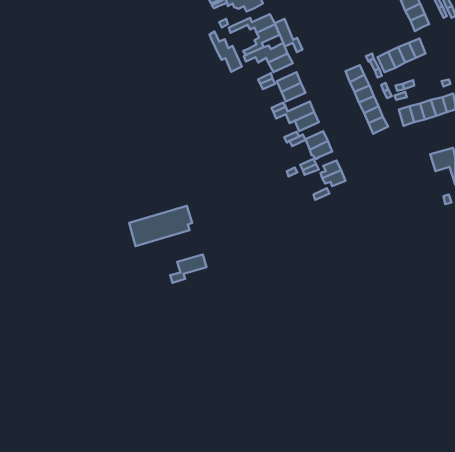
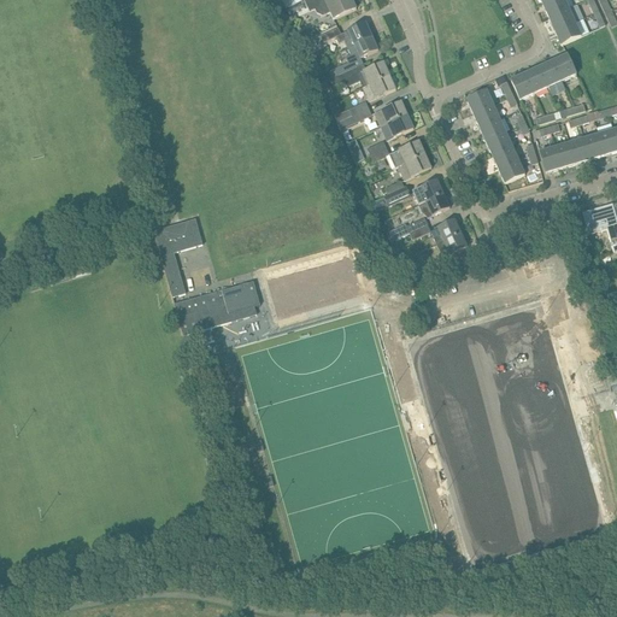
building: [275,19,302,52] -> none
building: [210,31,242,72] -> none
building: none -> [154,218,202,294]
building: [170,255,207,283] -> none

